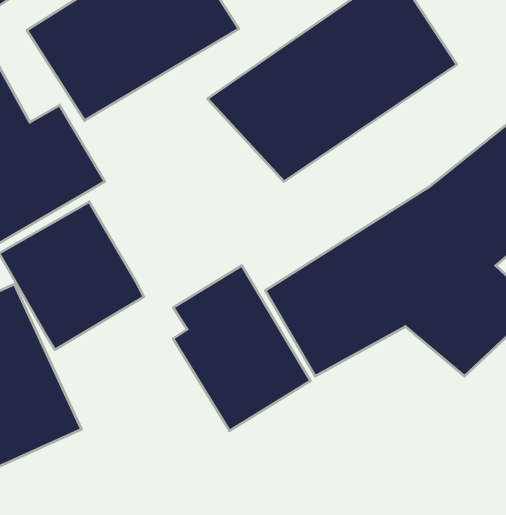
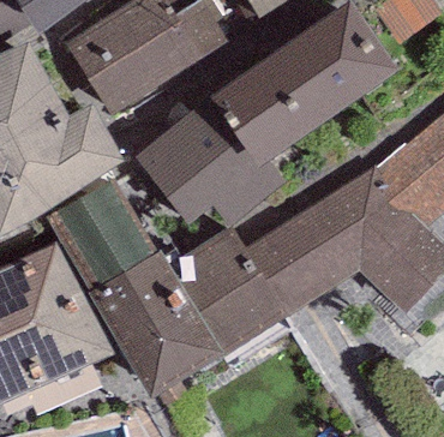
building: none -> [134,97,283,226]
building: none -> [88,249,222,396]

